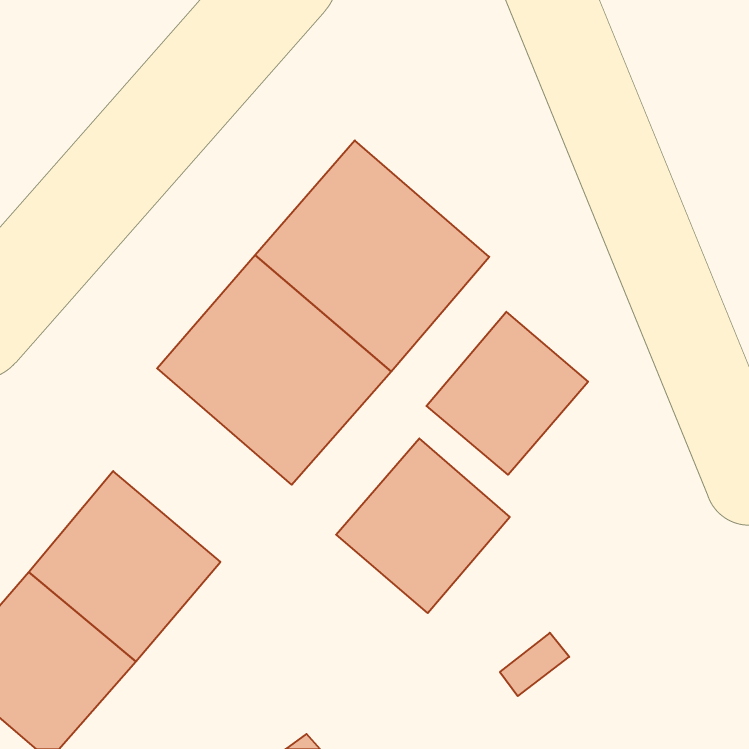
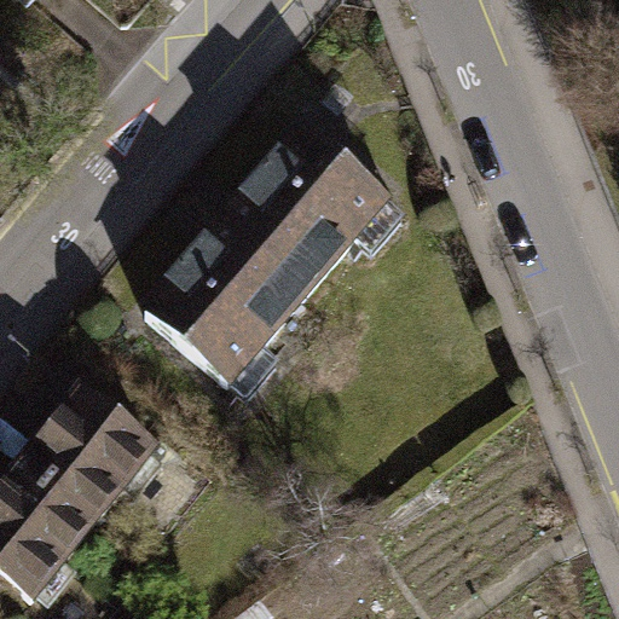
building: [426,312,588,475] -> none
building: [336,438,510,613] -> none

